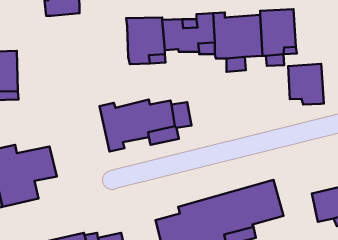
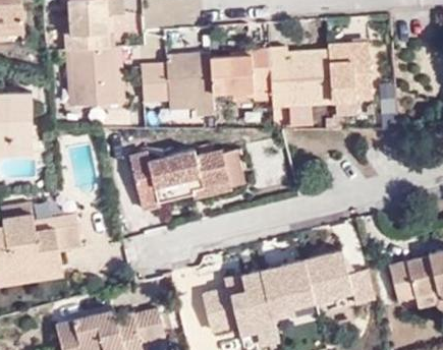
building: none -> [73,46,119,105]
building: none -> [140,63,167,101]
building: [288,64,324,104] -> none

